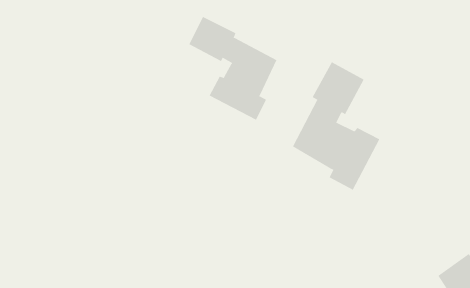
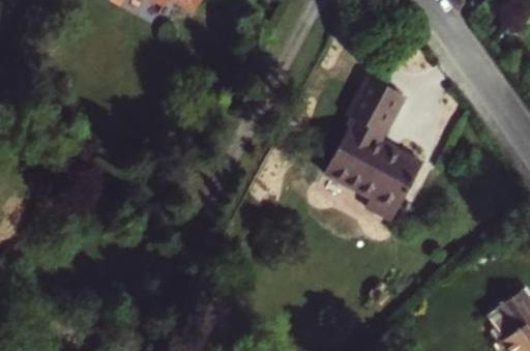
building: [188,16,277,121] -> none

